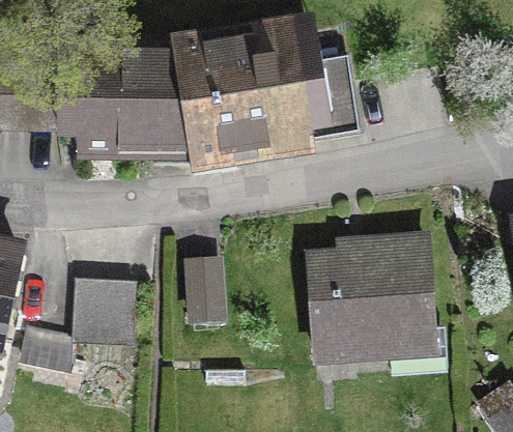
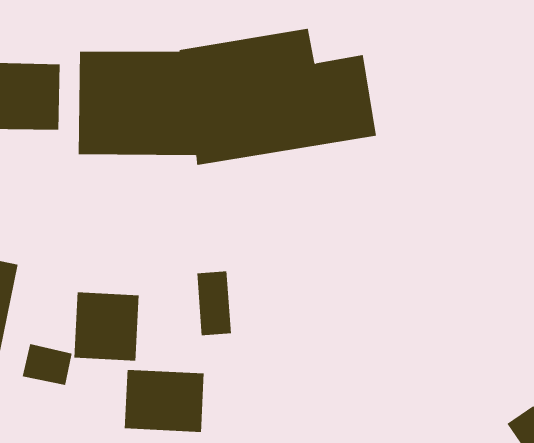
building: [308,241,433,354] -> none
building: none -> [124,369,204,433]

